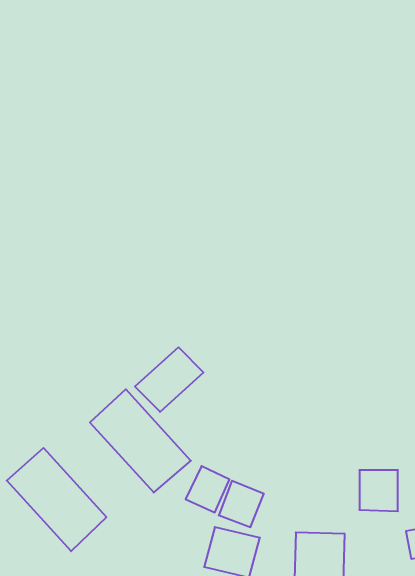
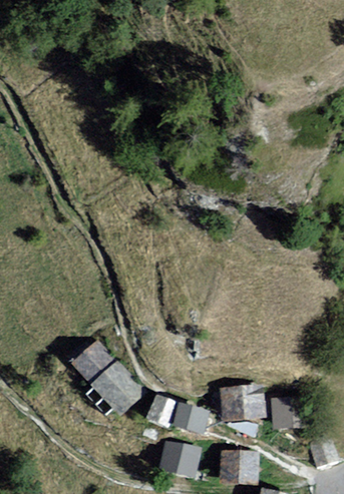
building: [135,347,203,412] -> none
building: [7,448,106,551] -> none
building: none -> [219,384,265,421]

